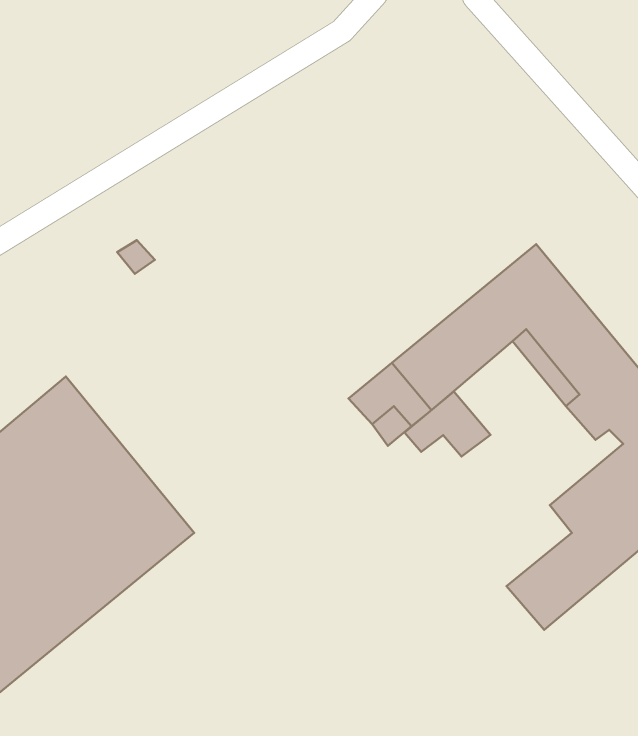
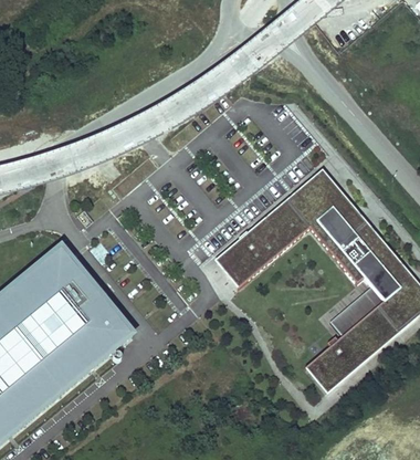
building: [404,391,491,457] -> none

